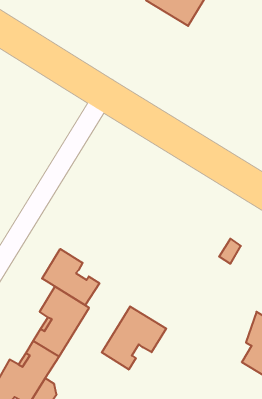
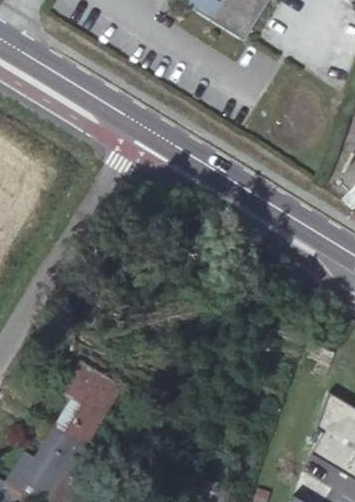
building: [42,249,99,305] -> none
building: [102,306,166,370] -> none

